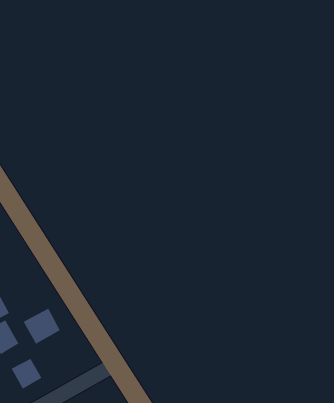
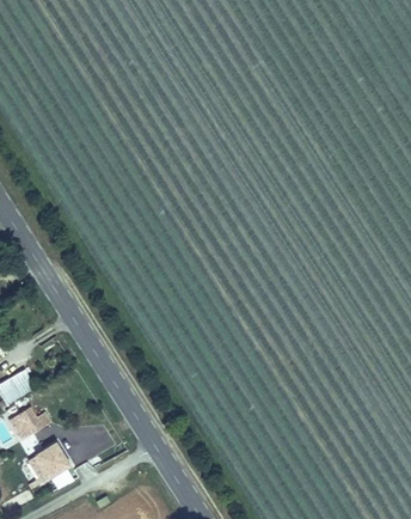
building: [23,308,60,345] -> none

